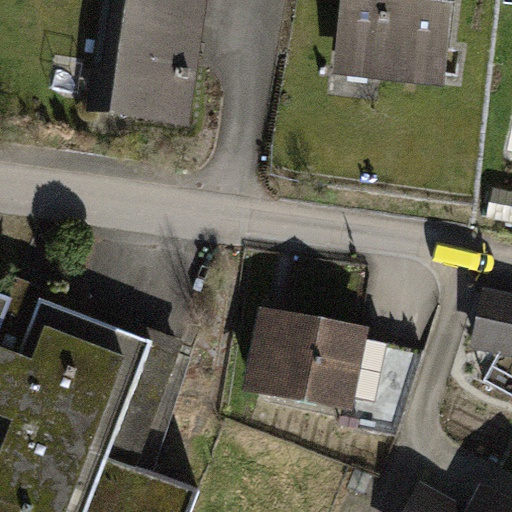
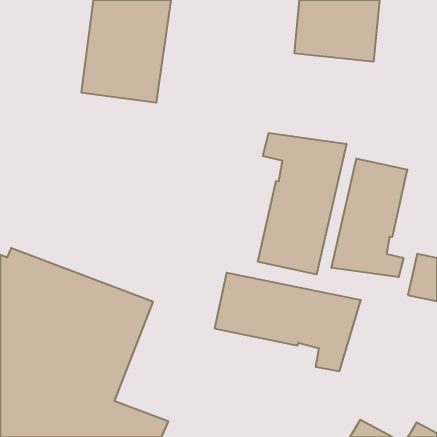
building: none -> [258,133,346,274]
building: none -> [332,158,407,277]

